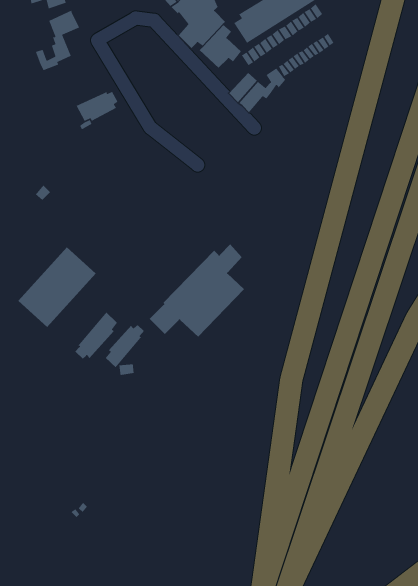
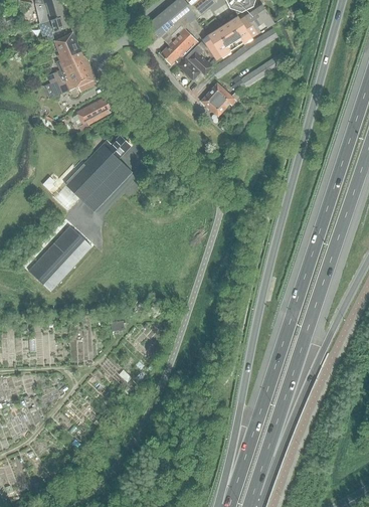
building: none -> [49,46,96,96]
building: [149,244,245,337] -> [53,134,132,210]
building: [75,312,118,360] -> none
building: [105,324,145,368] -> none

